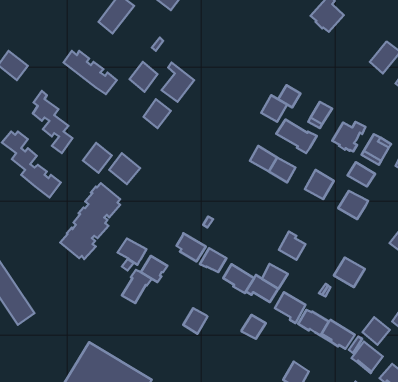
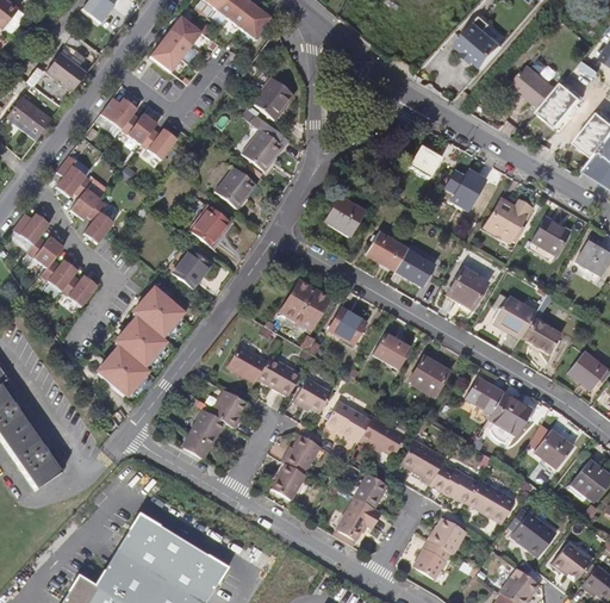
building: none -> [45,50,86,89]
building: none -> [517,60,562,104]
building: [129,62,158,92] -> [251,76,292,119]
building: [261,95,287,122] -> [325,197,362,235]
building: [276,119,317,153] -> none
building: [83,143,112,173] -> [188,204,230,247]
building: [348,162,375,186] -> [521,318,560,353]
building: none -> [280,279,330,329]
building: none -> [329,307,366,343]
building: [118,238,147,265] -> [229,346,270,384]
building: none -> [465,378,503,419]
building: [262,264,288,289] -> [373,332,410,368]
building: none -> [282,434,322,475]
building: [362,317,390,345] -> [534,429,573,468]
building: none -> [336,498,380,542]
building: none -> [430,518,467,557]

